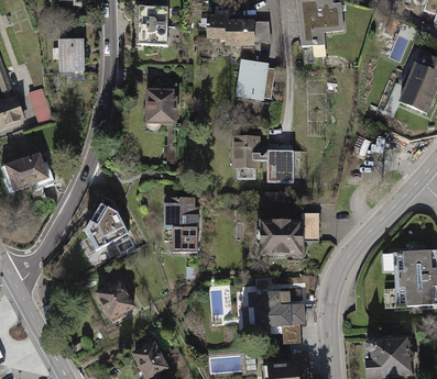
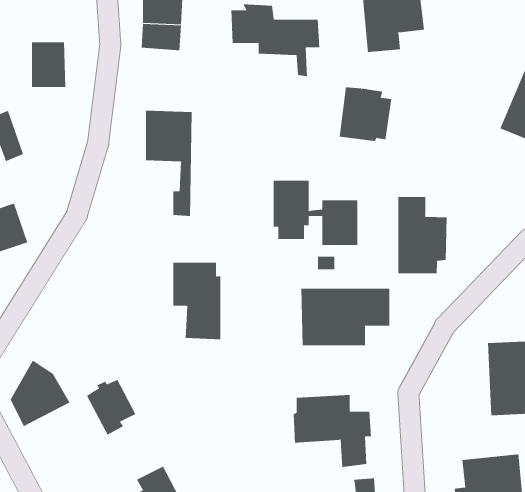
building: [234,59,273,99] -> [339,87,392,142]
building: none -> [398,196,447,274]
building: [81,201,125,249] -> [10,360,70,427]

